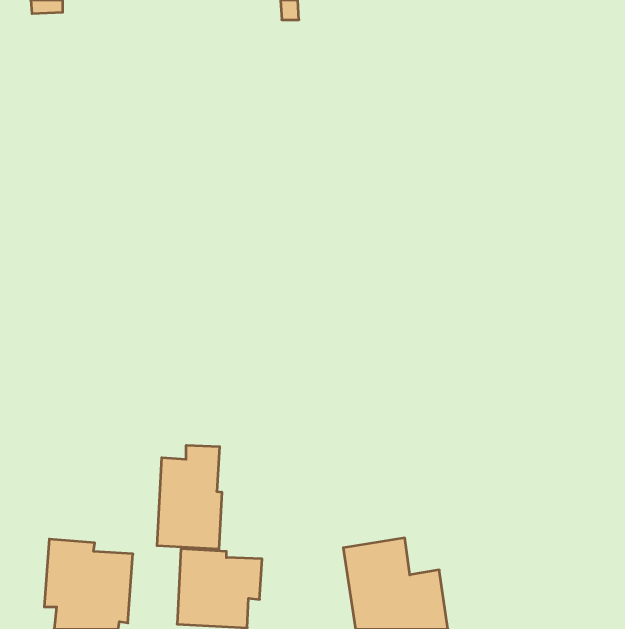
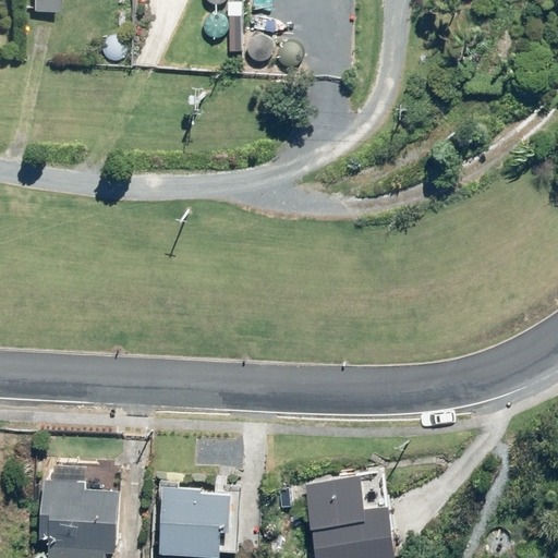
building: [157,445,222,549] -> none

